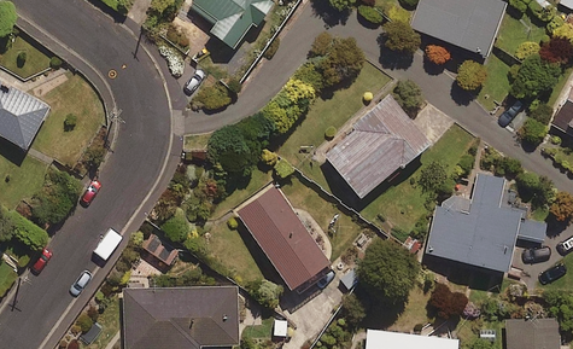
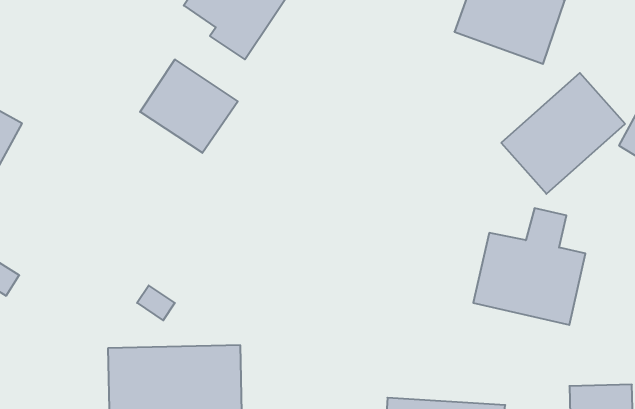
building: none -> [140,59,238,153]
building: [322,98,425,198] -> [501,73,625,194]
building: [235,185,324,285] -> none

